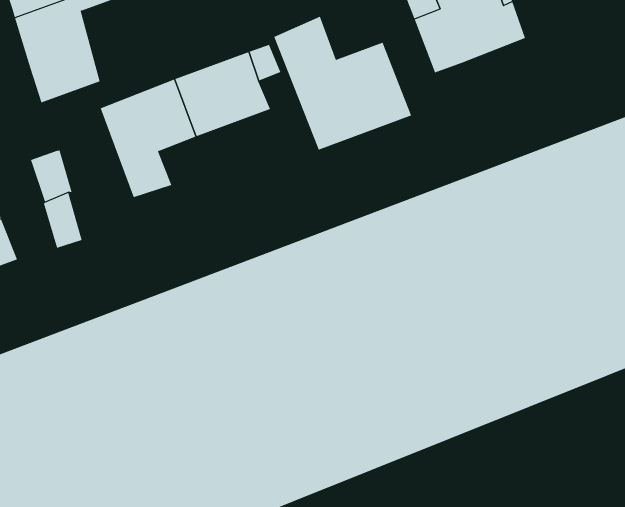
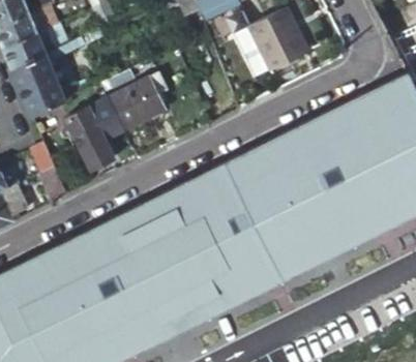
building: [273,16,412,151] -> none

